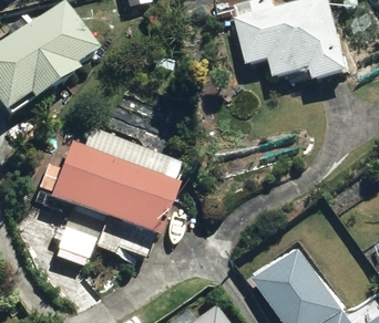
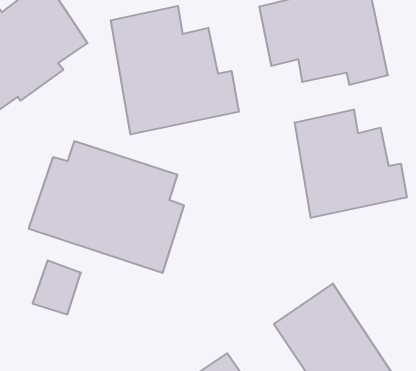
building: none -> [111,6,239,135]
building: none -> [295,109,407,218]

